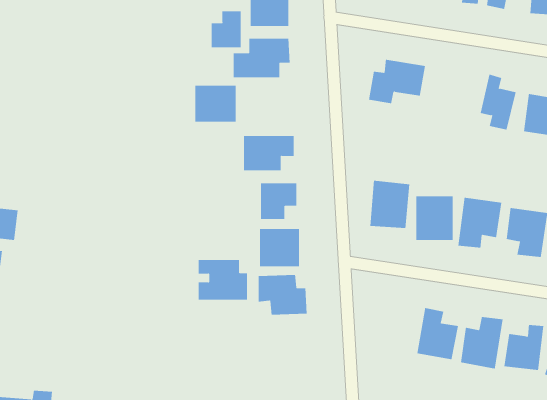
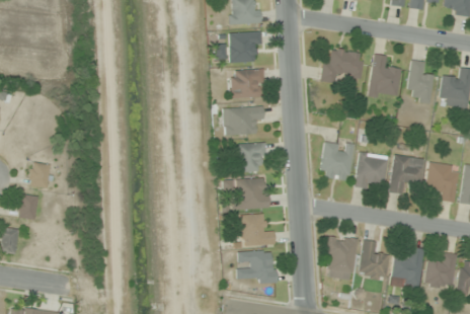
building: [211,11,241,48] -> none
building: none -> [370,54,402,99]
building: [195,85,237,122] -> [232,70,264,98]
building: [198,260,248,300] -> [238,251,277,283]
building: none -> [324,234,359,281]

